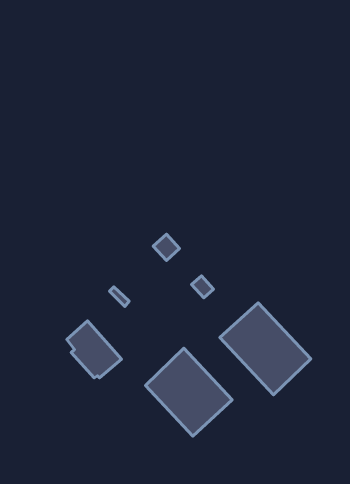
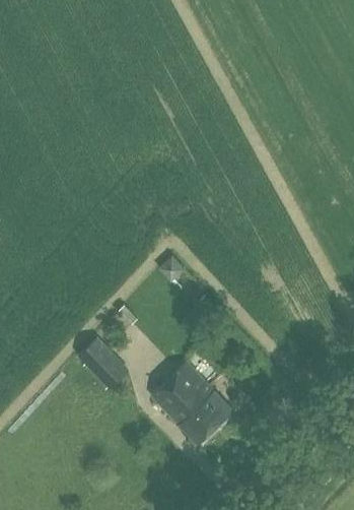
building: [220,303,311,395] -> none

